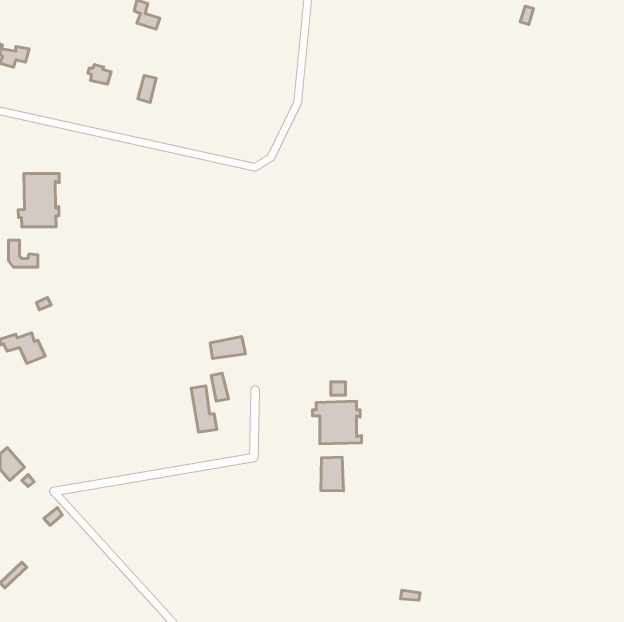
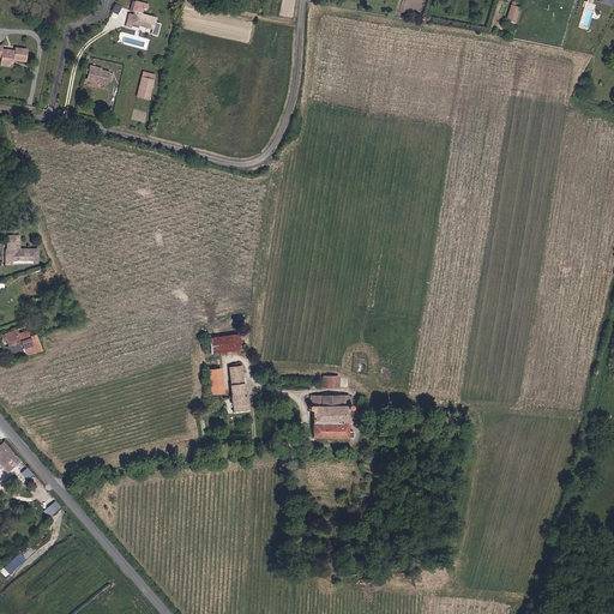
building: [18,174,59,227] -> none
building: [191,386,217,432] -> [227,368,252,414]
building: [321,457,343,491] -> none

